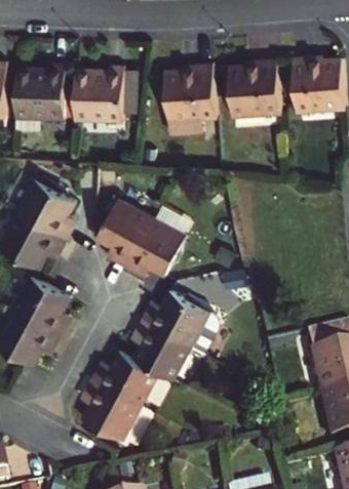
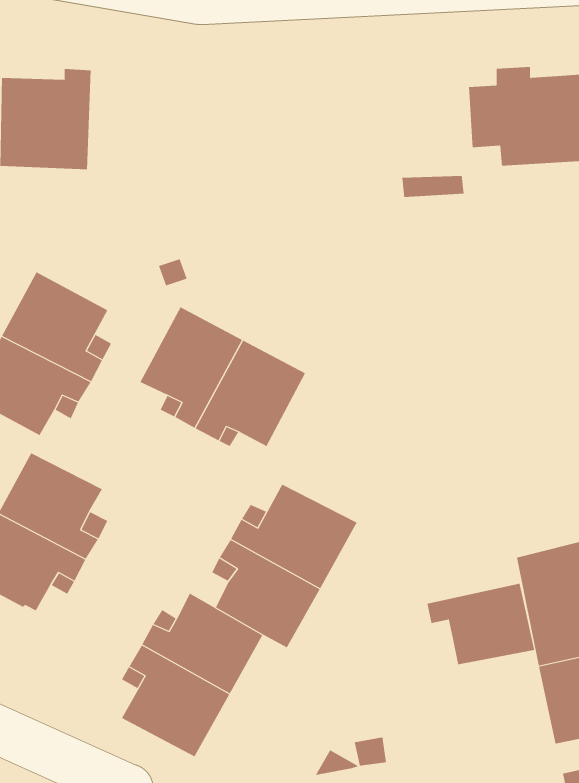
building: [228,62,279,119] -> none
building: [74,63,126,119] -> none
building: [163,66,215,136] -> none
building: none -> [427,583,535,665]

